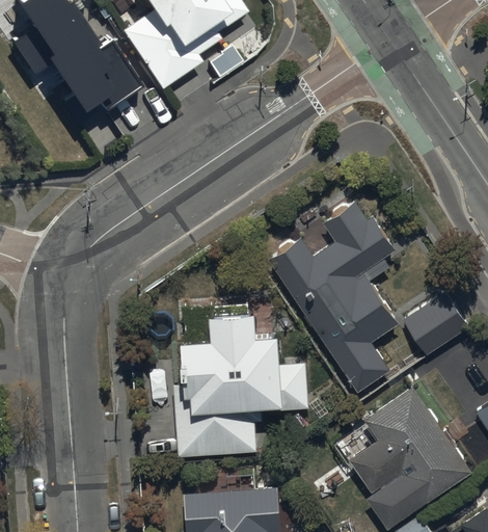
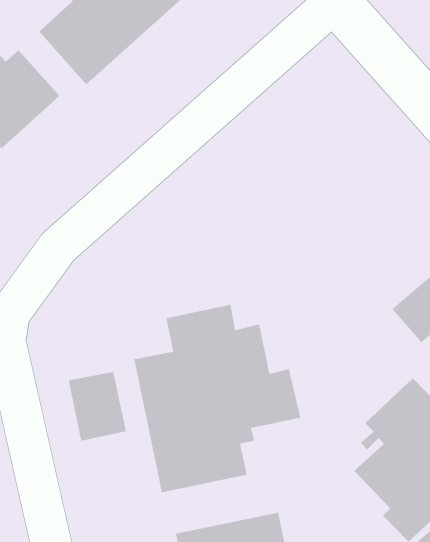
building: [270,203,400,392] -> none
building: none -> [68,371,127,441]

